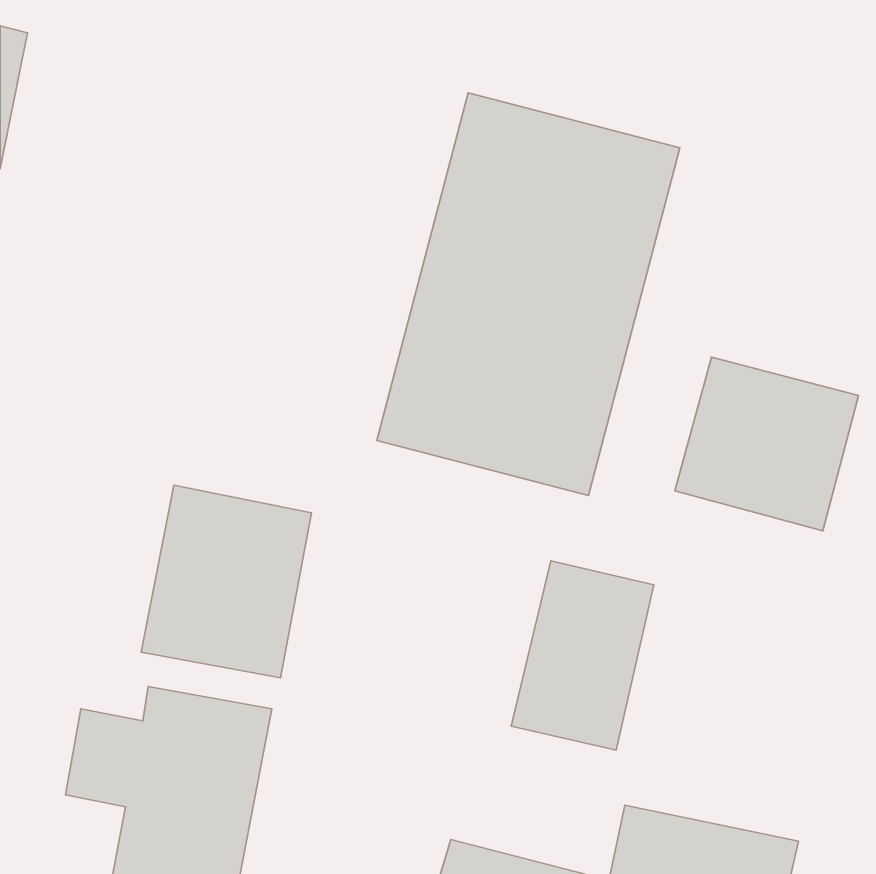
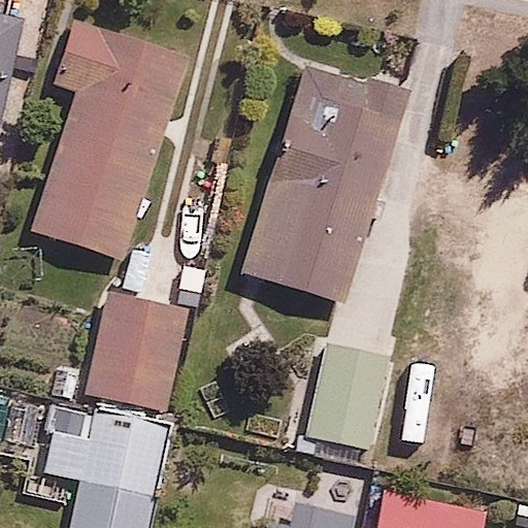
building: none -> [34,27,183,267]
building: [675,357,858,531] -> none

